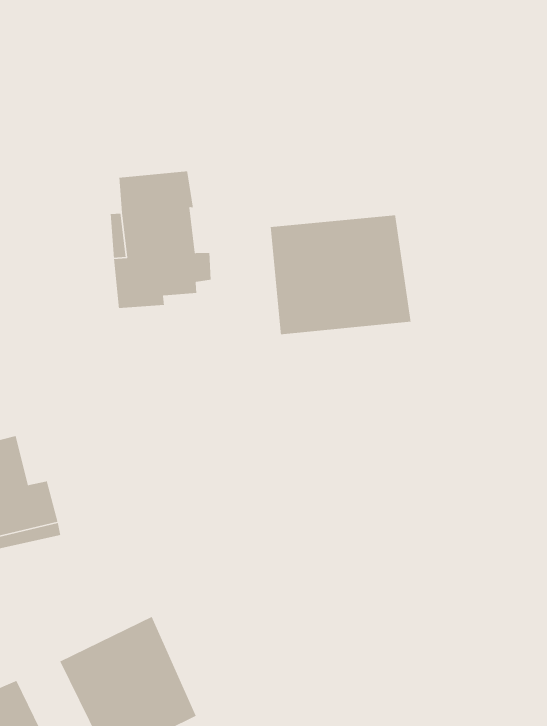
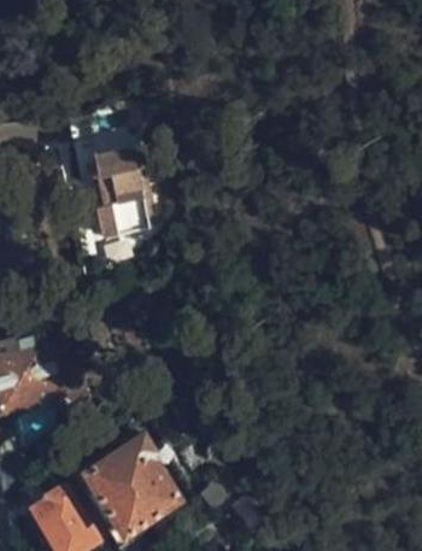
building: [270,214,411,335] -> none

